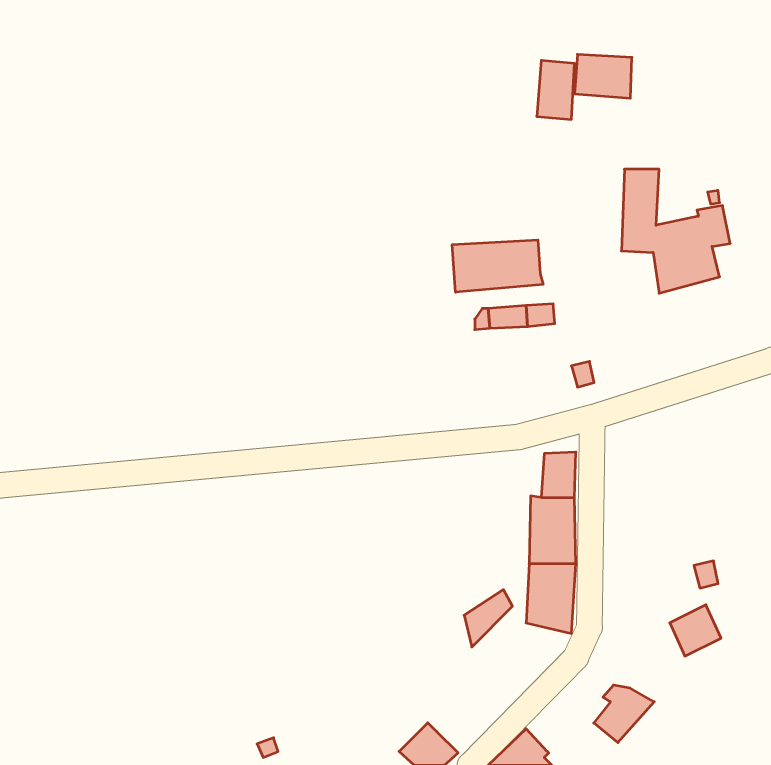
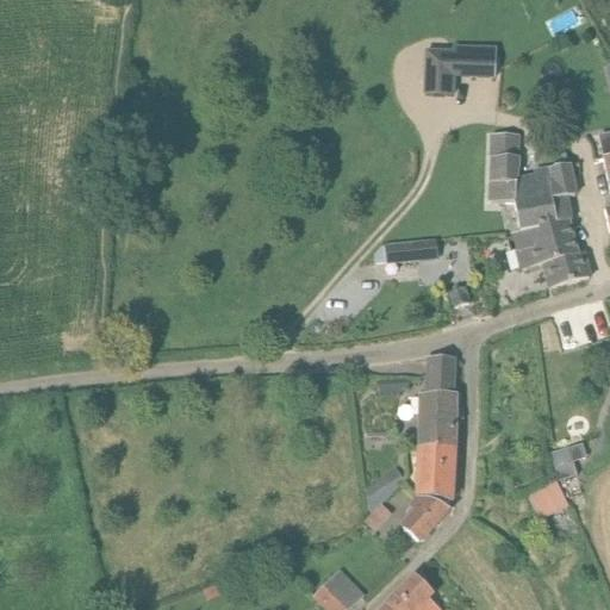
building: [452,240,543,292] -> none
building: none -> [513,218,590,285]
building: [594,685,654,743] -> [402,494,449,540]

